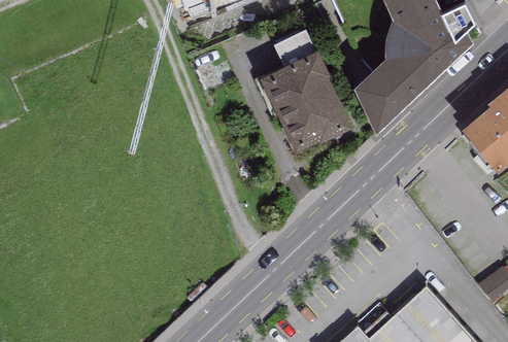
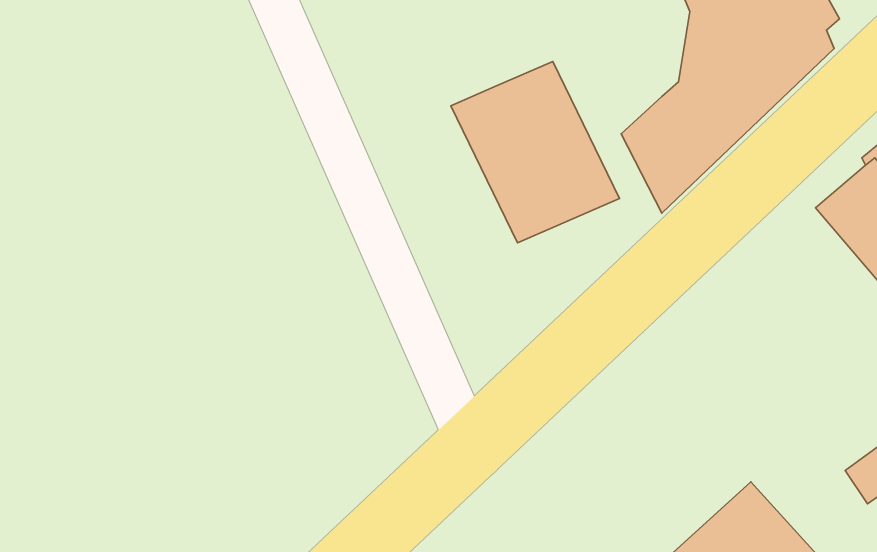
building: [273,29,315,66] -> none

